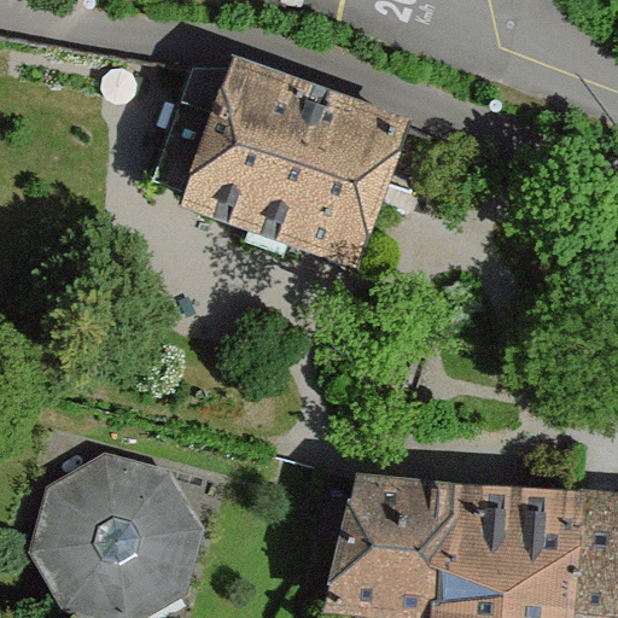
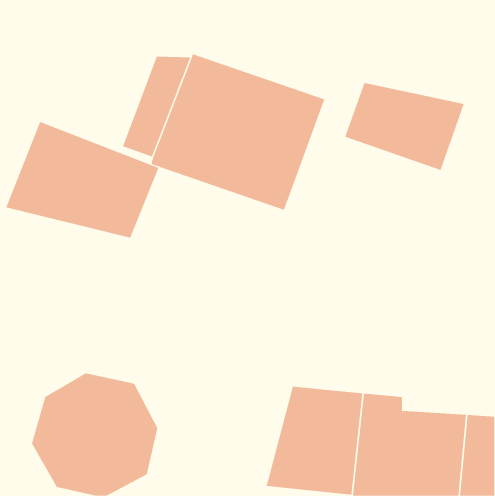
building: none -> [345,82,464,171]
building: none -> [6,121,159,238]

